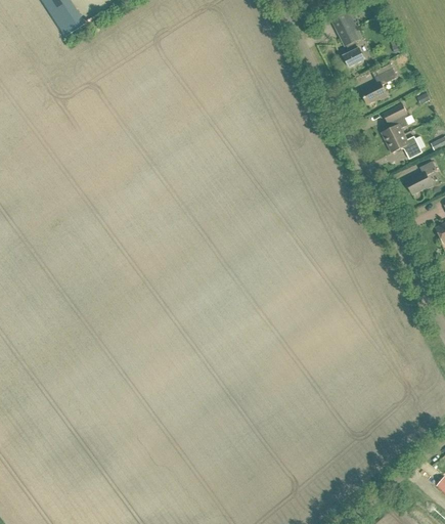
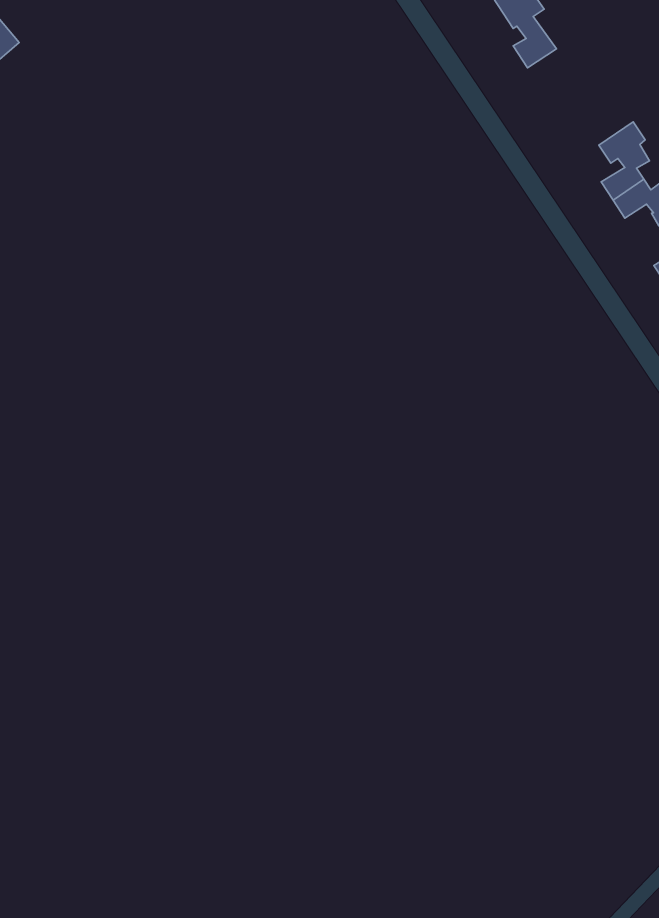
building: [361,68,398,104] -> none

